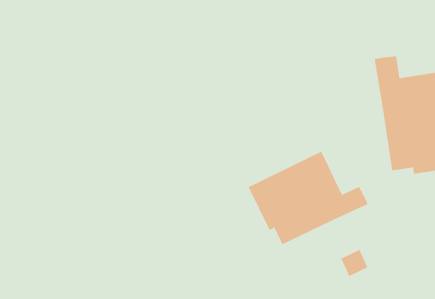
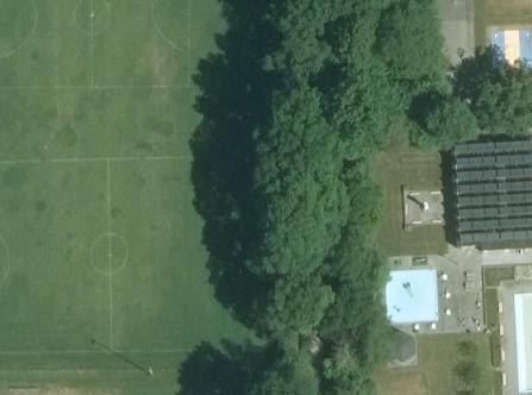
building: [248,151,368,245] -> none

